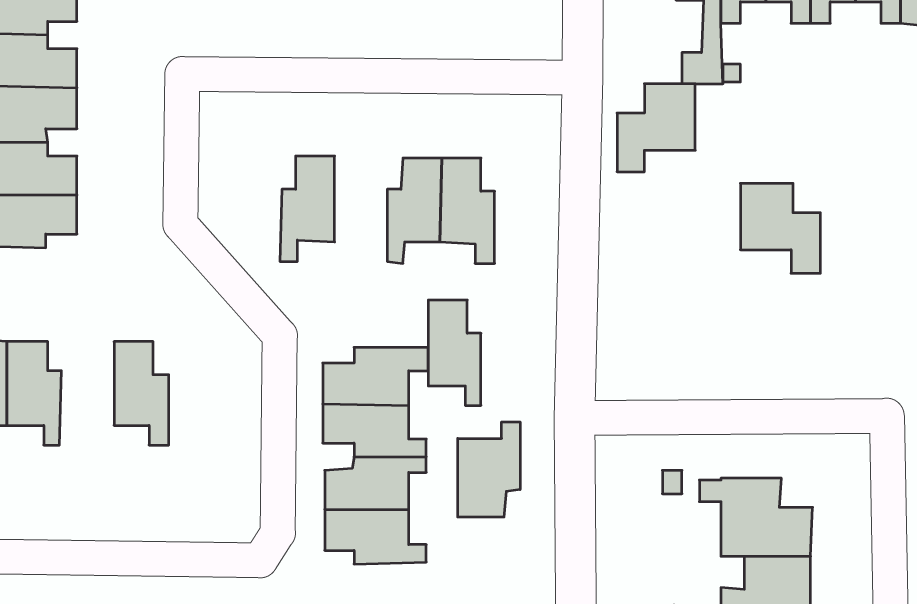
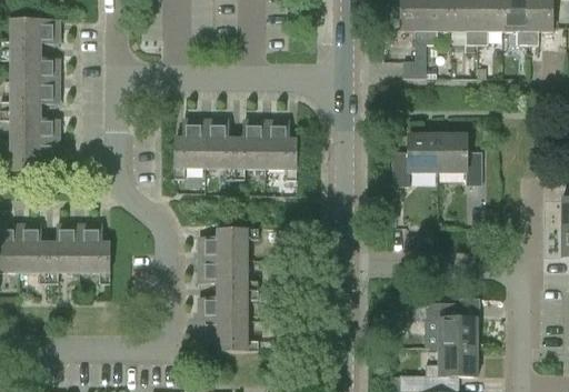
building: [617,84,695,172] -> [391,134,436,184]
building: [428,300,481,405] -> [204,119,234,179]
building: none -> [48,224,79,283]
building: [458,422,520,517] -> none

